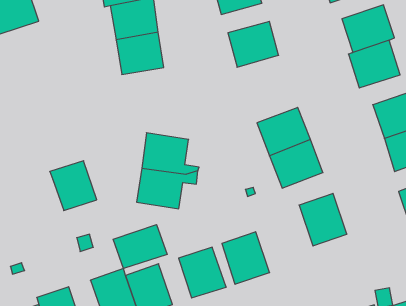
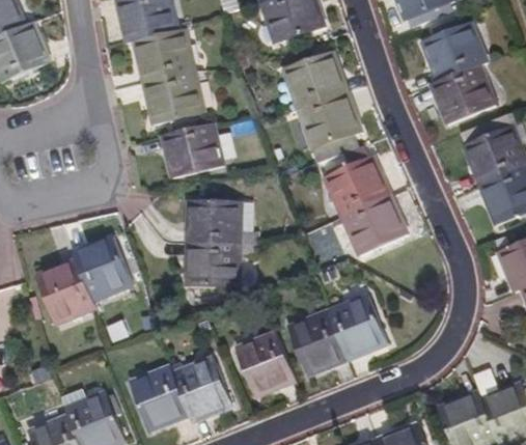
building: none -> [295,92,358,162]
building: none -> [160,122,221,176]
building: none -> [38,259,96,323]
building: [299,193,347,246] -> [329,293,389,358]
building: [113,225,167,269] -> none

